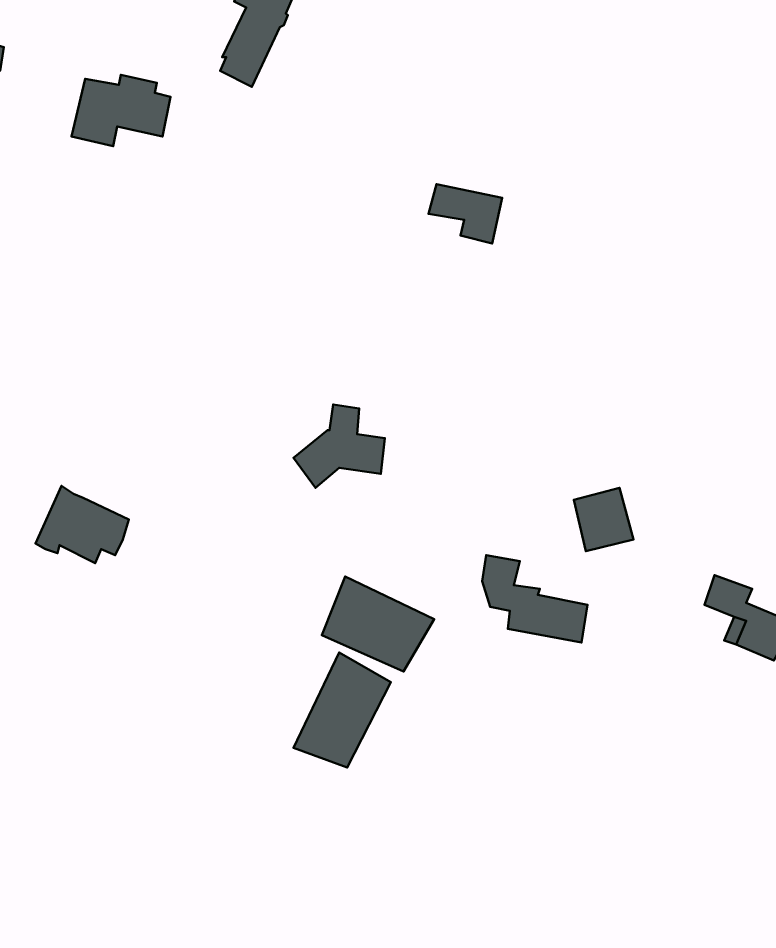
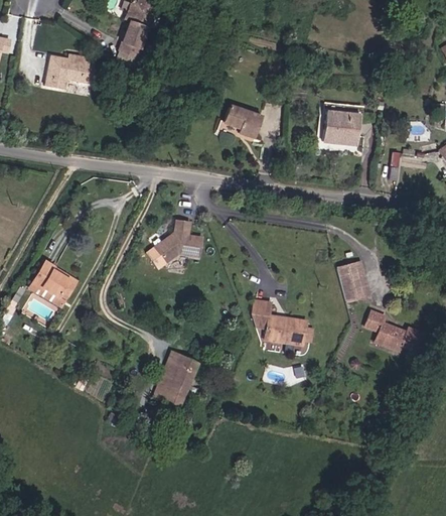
building: none -> [319,113,359,149]
building: [574,488,633,551] -> [340,268,370,300]
building: [322,577,434,671] -> none

